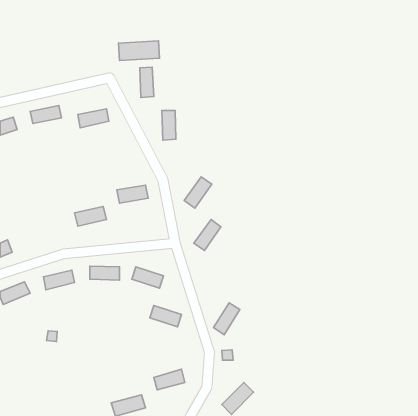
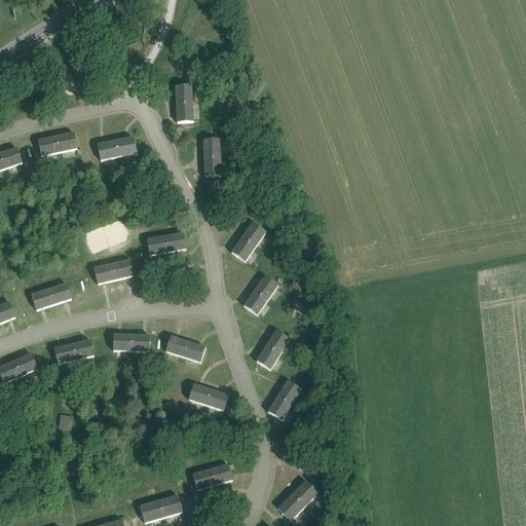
building: [119,41,160,60] -> none
building: none -> [32,283,71,309]
building: none -> [256,330,290,370]

